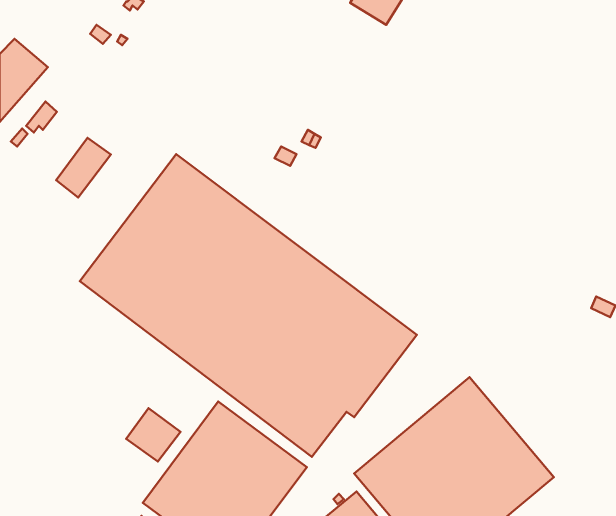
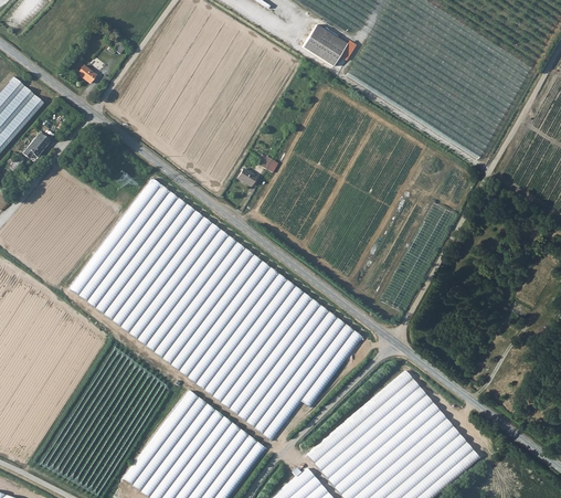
building: [56,138,111,197] -> none
building: [126,408,180,462] -> none

